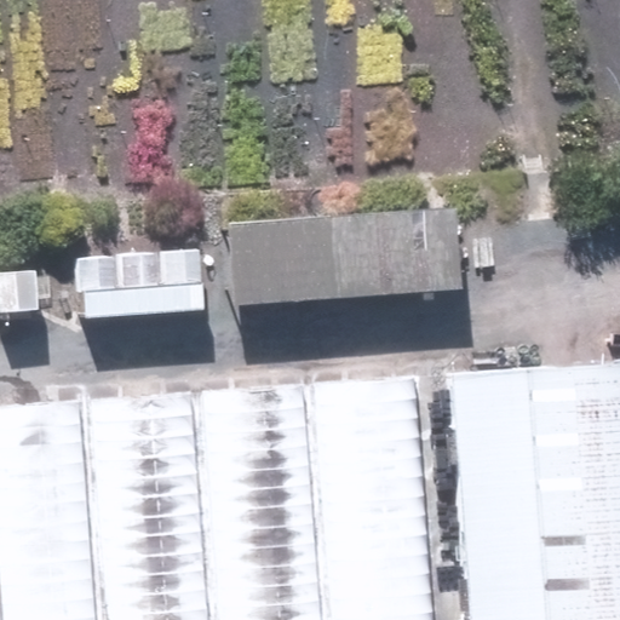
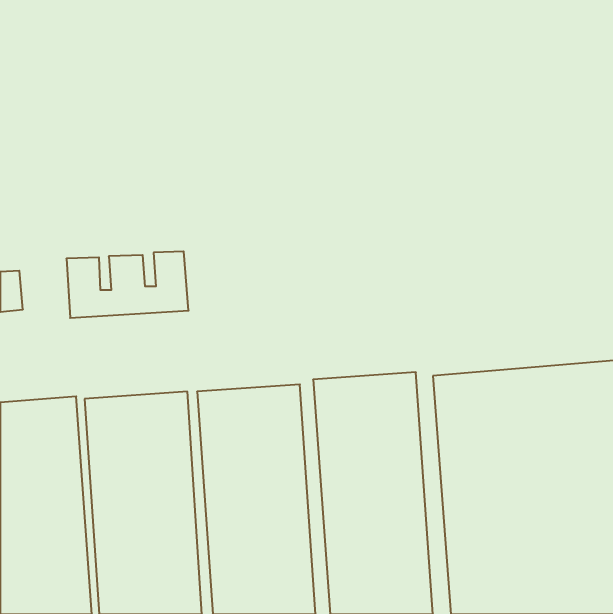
building: [219,208,450,309] -> none

